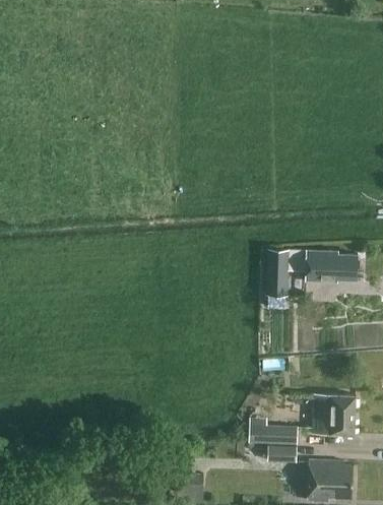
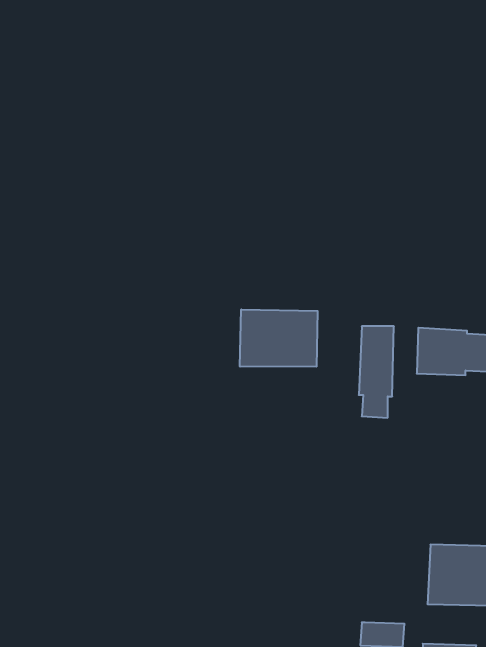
building: none -> [240,309,318,367]
building: [248,426,296,447] -> none

